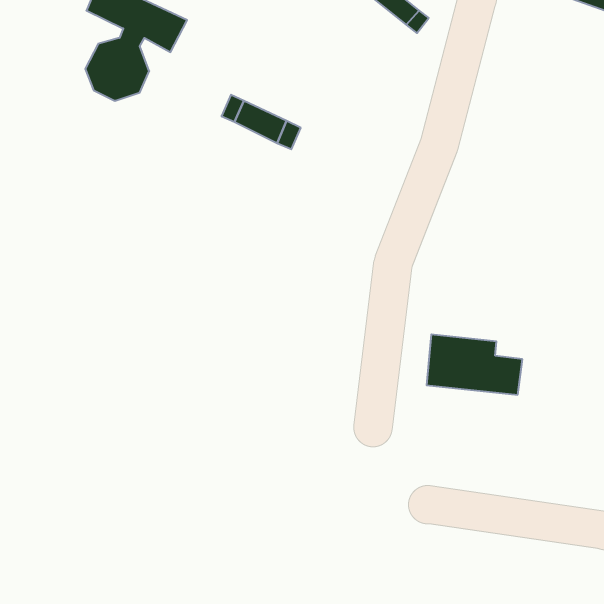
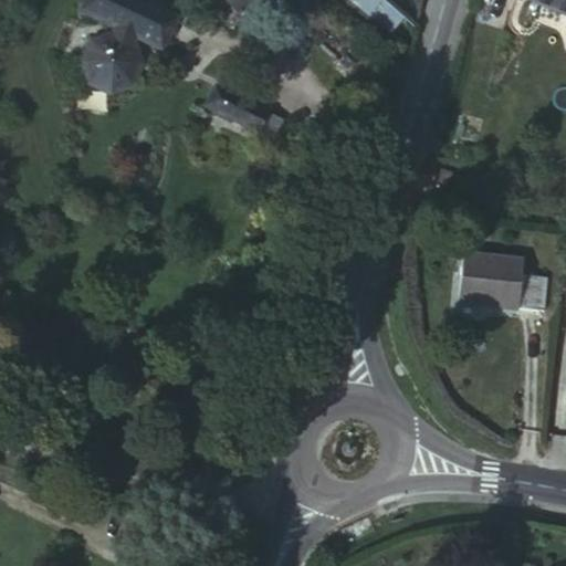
building: [427,334,522,395] -> [458,254,547,311]

